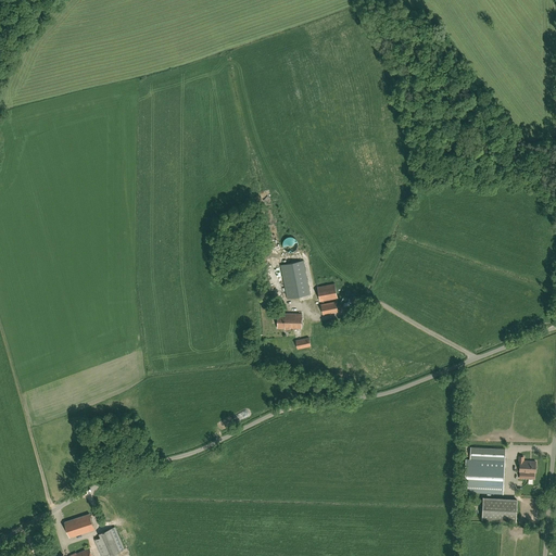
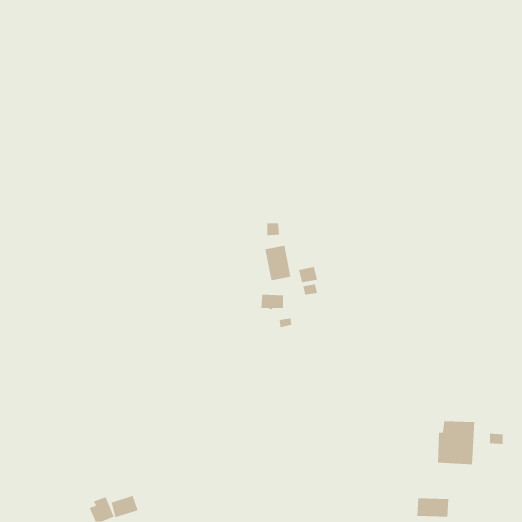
building: [482,498,517,519] -> [417,498,449,517]
building: [65,514,94,538] -> [111,495,138,518]

